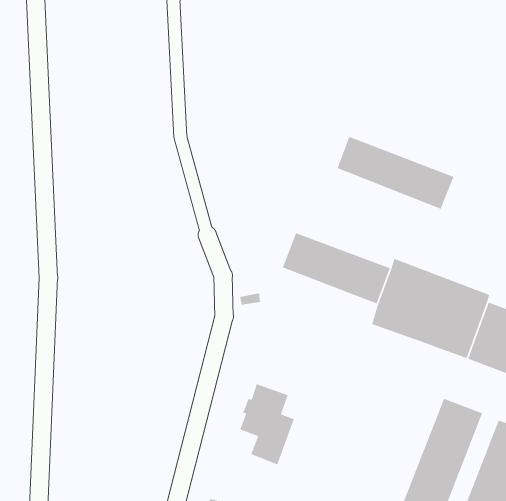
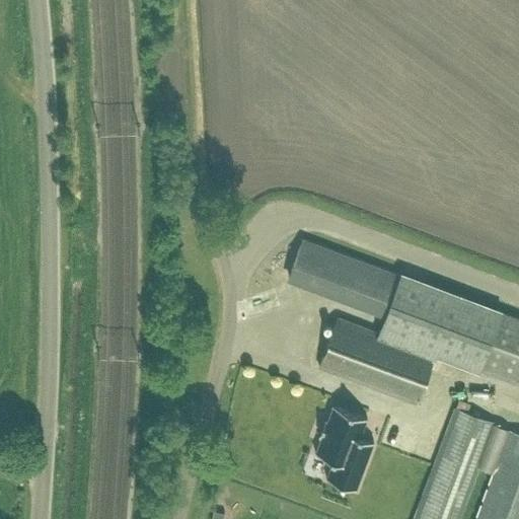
building: [337,136,454,210] -> none
building: none -> [317,320,434,407]
building: [239,383,295,465] -> [316,410,373,494]

